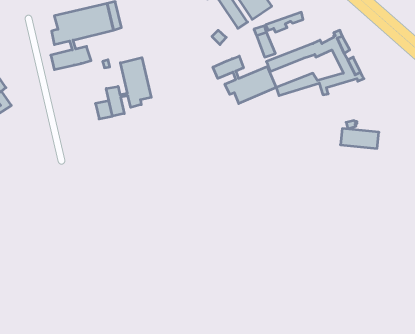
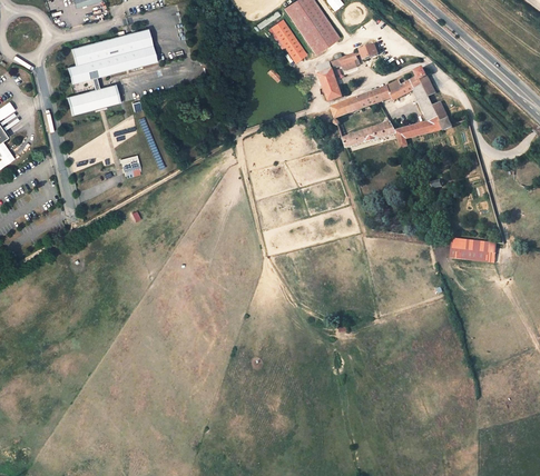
building: [213,56,276,104] -> none
building: [106,58,151,116] -> none
building: [340,129,379,148] -> [449,237,497,261]

